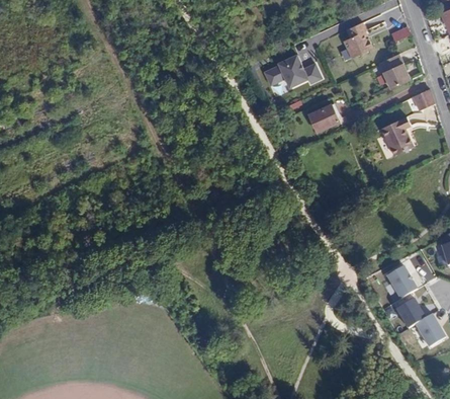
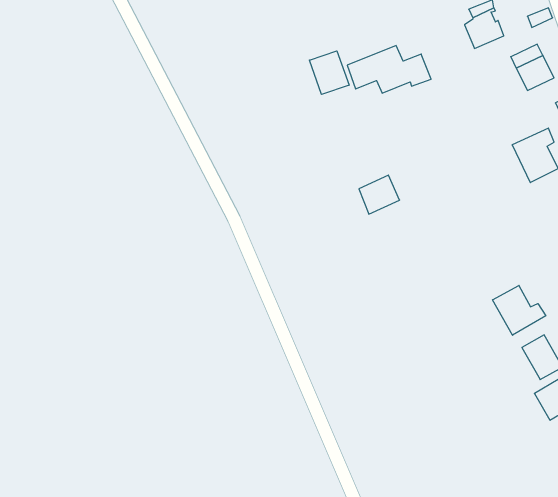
building: none -> [309,51,349,94]
building: [308,104,338,133] -> [359,175,400,214]
building: none -> [493,285,546,335]

